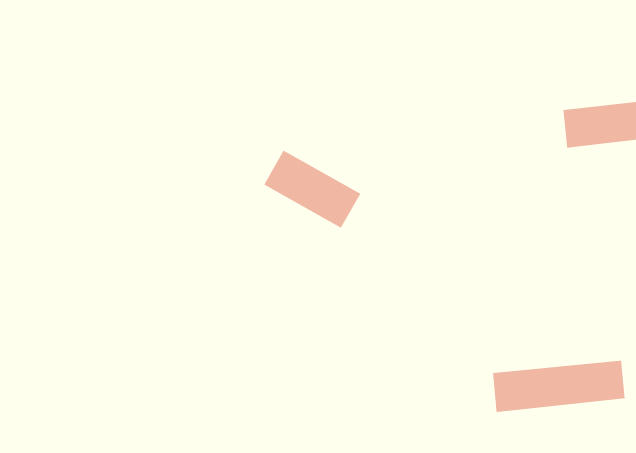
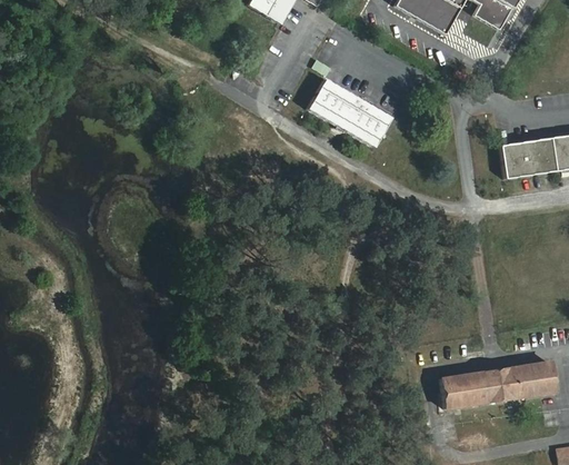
building: [263,150,361,229] -> [308,78,395,148]

